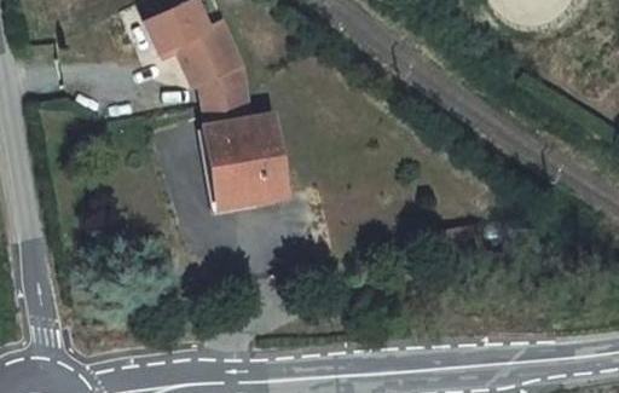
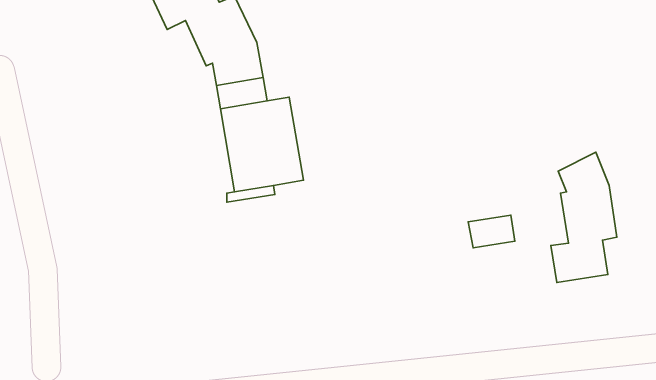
building: none -> [551,152,617,283]

